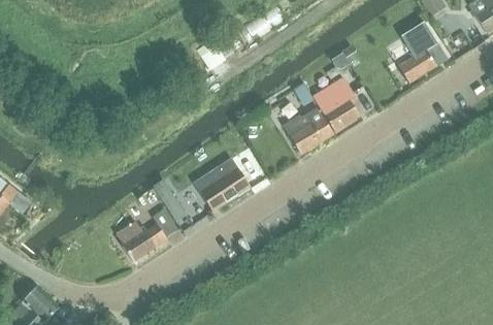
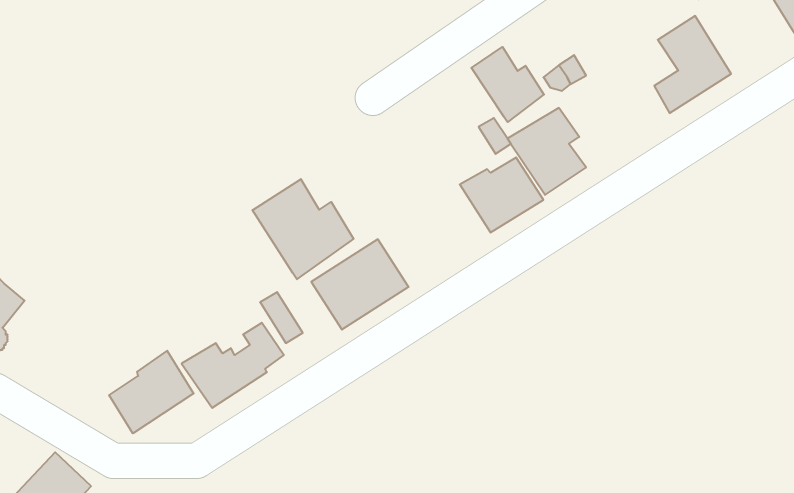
building: none -> [471,47,544,122]
building: none -> [252,179,354,279]
building: none -> [109,351,194,433]

